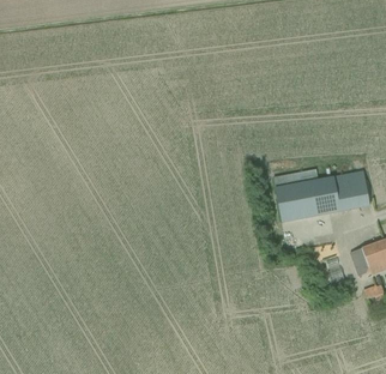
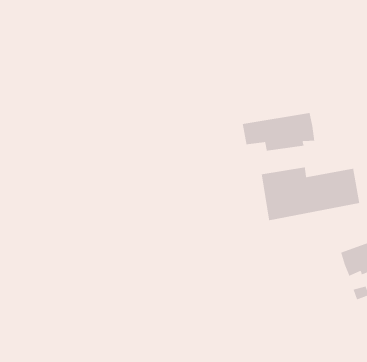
building: none -> [242,112,315,151]

